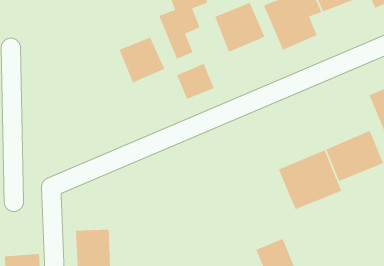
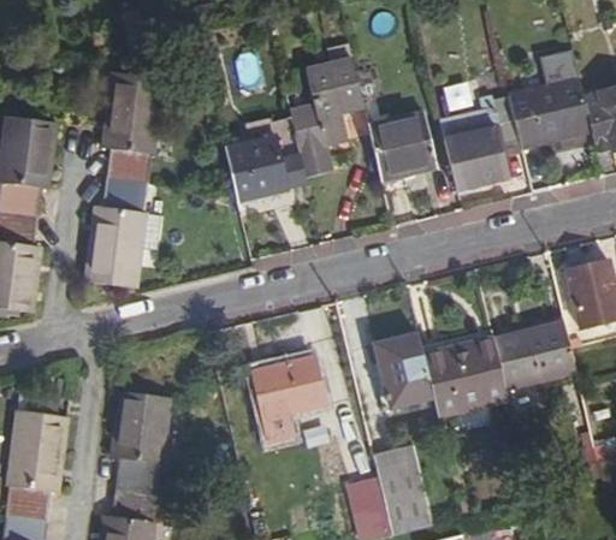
building: none -> [81,75,158,287]
building: [176,63,215,100] -> none
building: none -> [373,331,433,405]
building: none -> [253,355,327,441]

